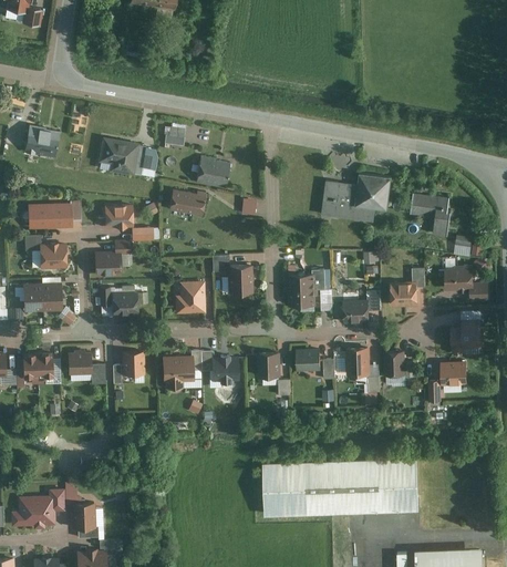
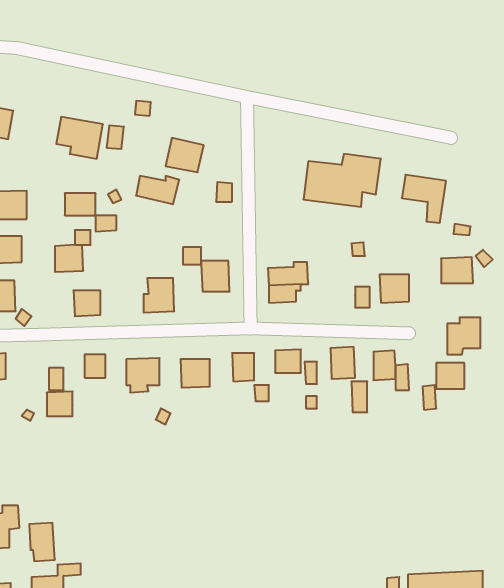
building: [342,299,368,321] -> none
building: [69,352,92,374] -> [47,391,73,416]
building: [263,457,418,516] -> none

